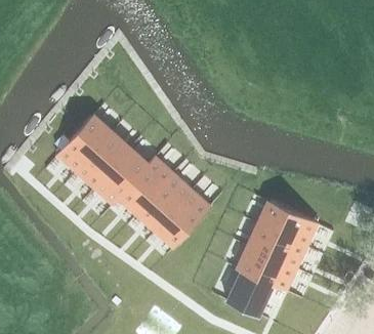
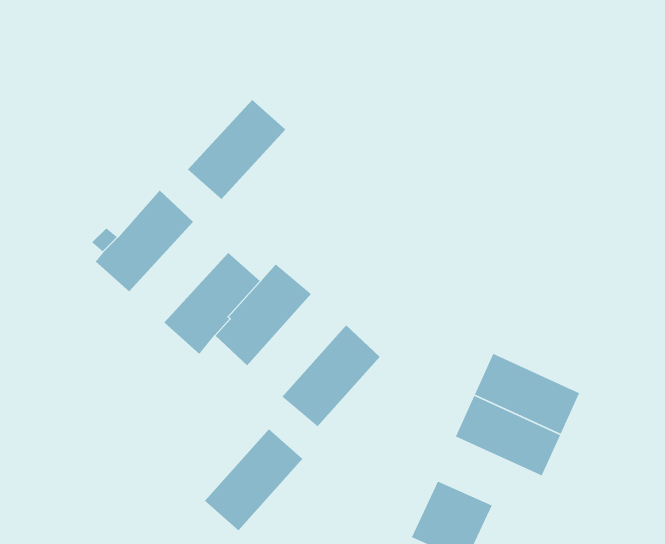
building: [74,133,127,187] -> [187,99,286,200]
building: [137,172,191,227] -> [204,429,303,531]
building: [239,249,296,293] -> none

